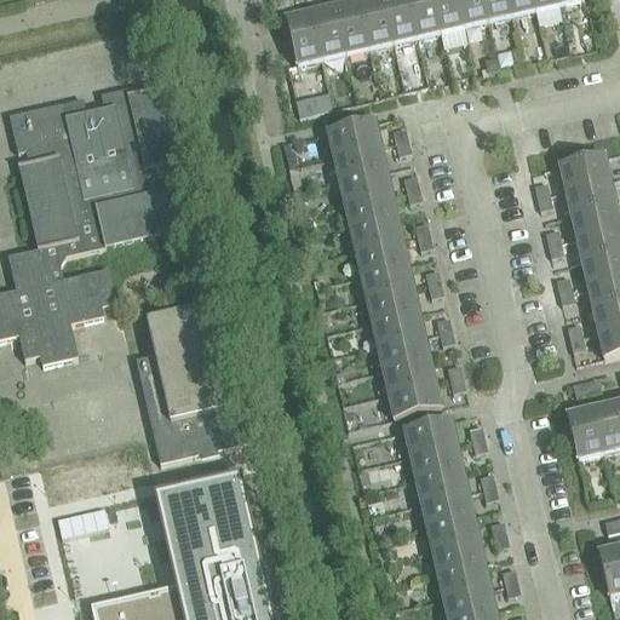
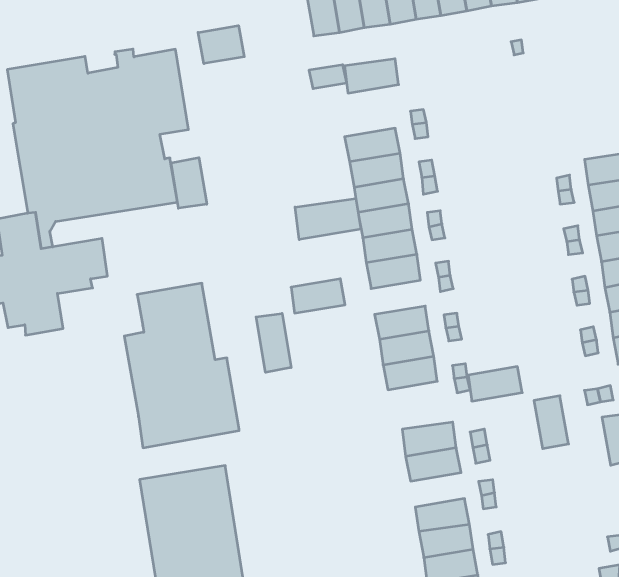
building: none -> [198,26,244,64]
building: [328,122,380,157] -> [345,59,399,93]
building: none -> [171,158,207,208]
building: none -> [295,199,361,240]
building: [367,288,419,323] -> [291,279,345,313]
building: none -> [256,313,291,372]
building: [389,383,441,418] -> [468,367,522,401]
building: [568,407,603,458] -> [534,396,569,449]
building: [415,467,467,503] -> none

